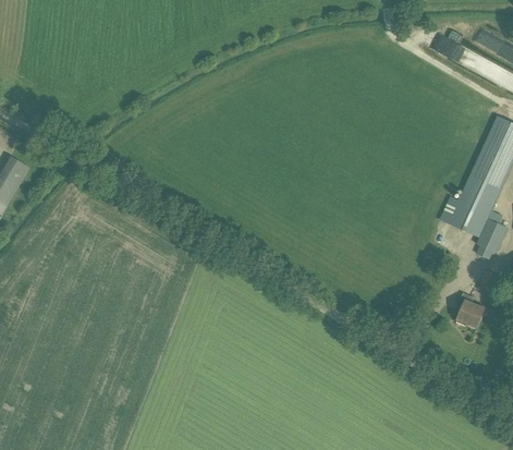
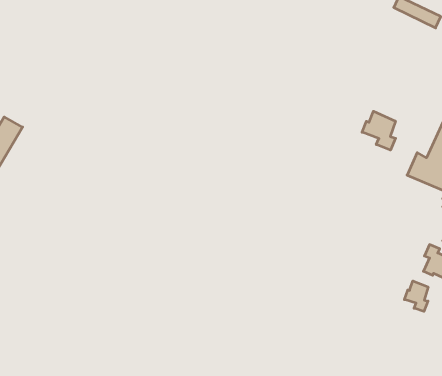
building: none -> [362,111,396,150]
building: none -> [404,281,428,311]

